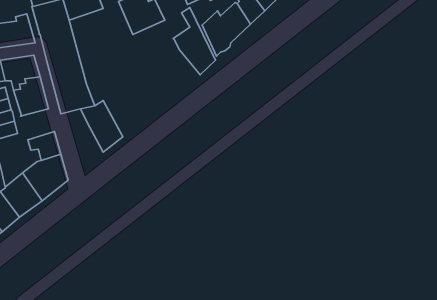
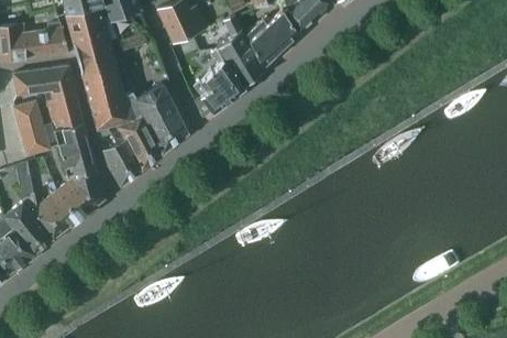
building: none -> [194,48,244,111]
building: none -> [123,70,187,152]
building: none -> [53,122,89,155]
building: none -> [102,138,141,185]

